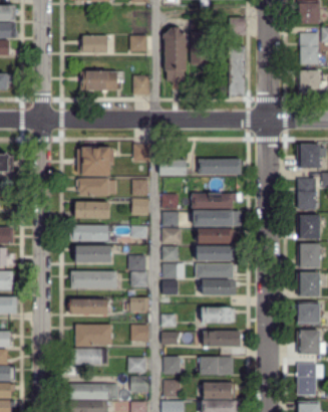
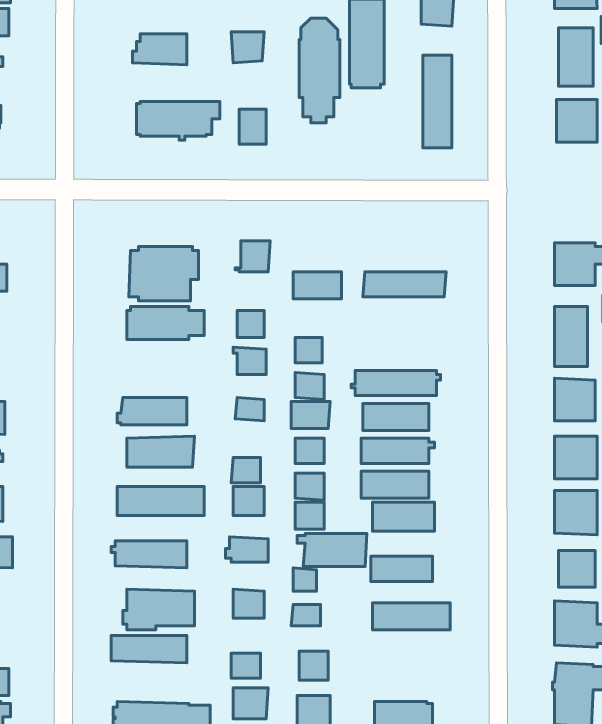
building: [191,194,238,209] -> none
building: [72,202,107,217] -> none
building: [197,357,233,374] -> [297,533,367,566]

